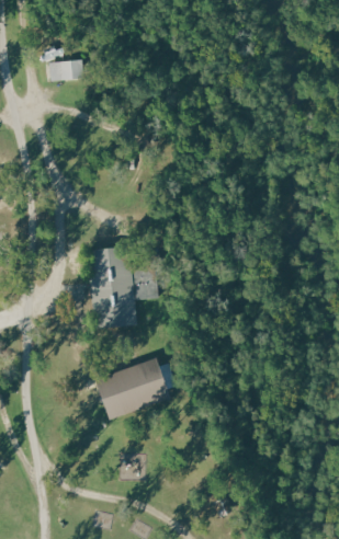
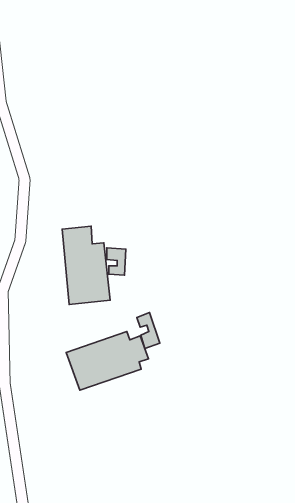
building: [50,60,80,82] -> none
building: none -> [137,313,160,349]

